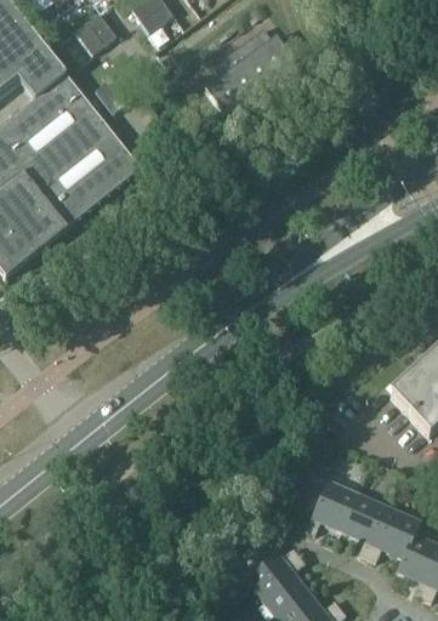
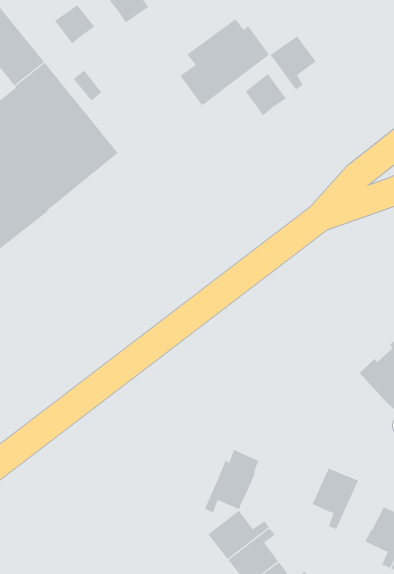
building: none -> [270,35,317,91]
building: none -> [245,73,287,116]
building: [305,467,362,534] -> [204,449,259,513]
building: [366,506,421,560] -> none

